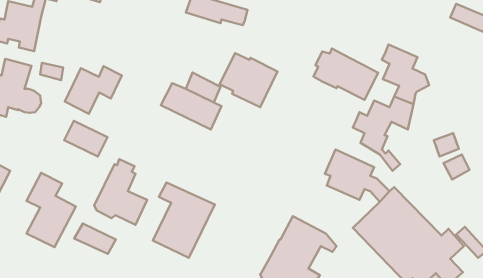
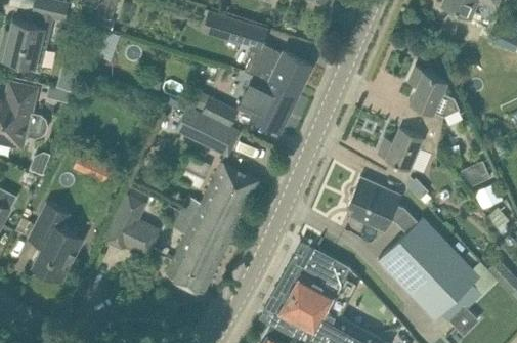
building: [313,49,378,100] -> [244,41,312,95]
building: [65,66,122,114] -> none
building: none -> [180,163,258,237]
building: [74,223,116,254] -> none

